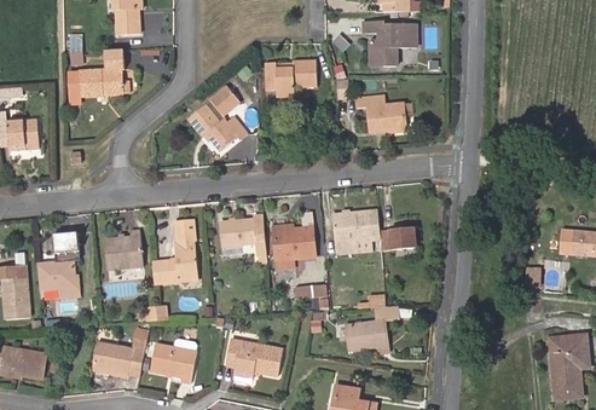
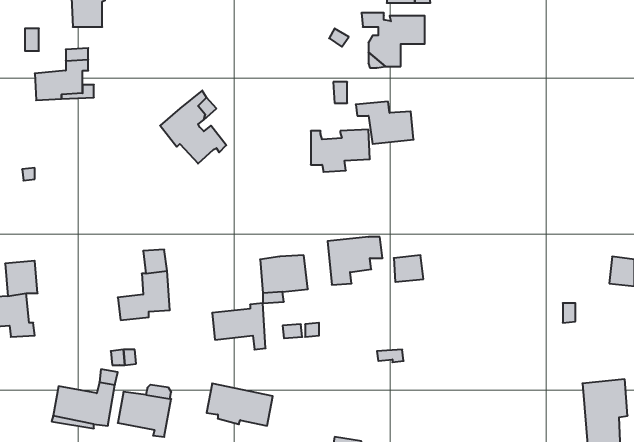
building: [265,60,316,97] -> [311,130,370,172]
building: [218,215,264,255] -> [212,303,266,350]
building: [103,233,140,272] -> none
building: [347,321,387,348] -> none

